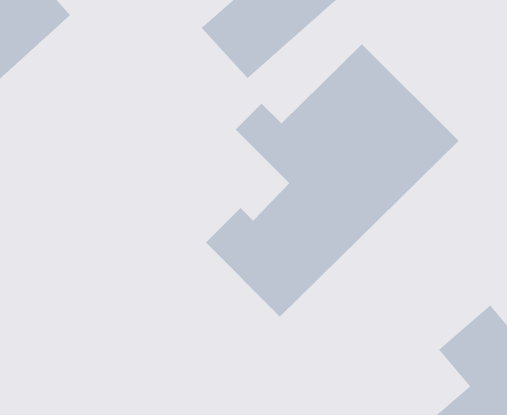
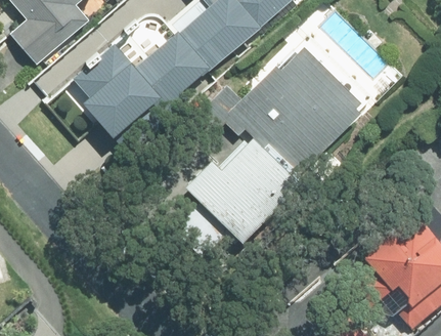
building: none -> [70,30,213,135]

